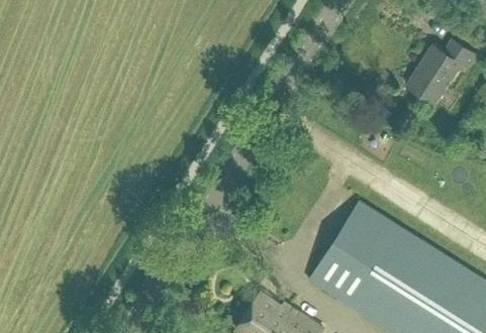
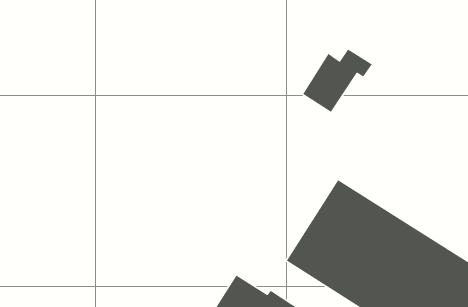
building: [407,41,476,104] -> [302,49,373,113]

